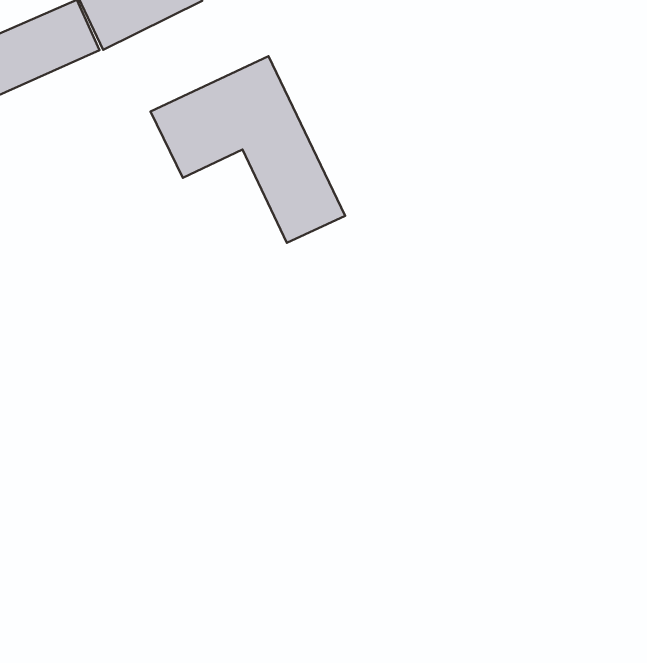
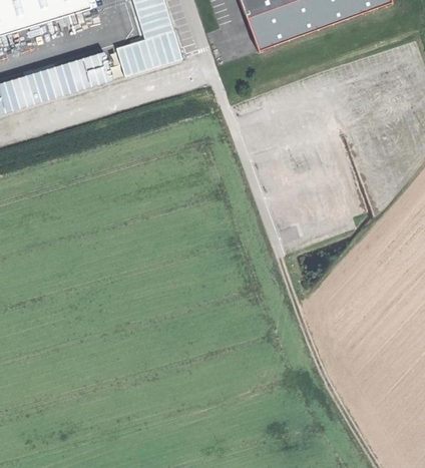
building: [151,56,345,243] -> none

